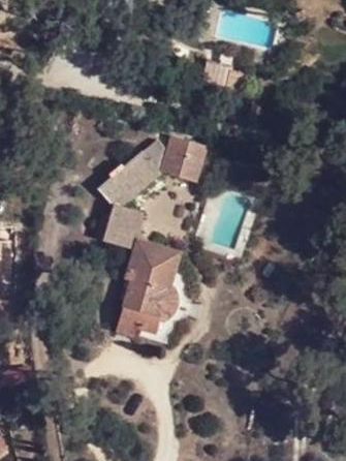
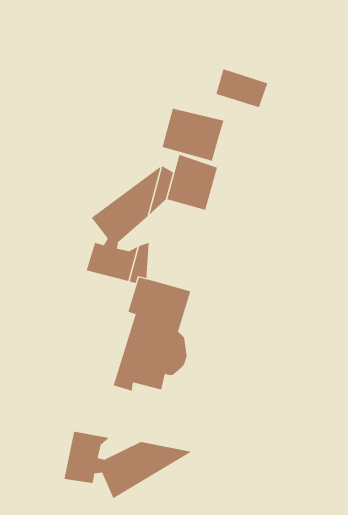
building: none -> [162,108,224,162]
building: none -> [64,431,193,499]

